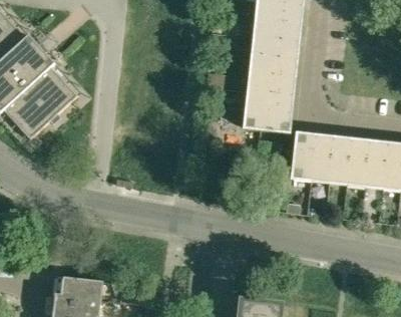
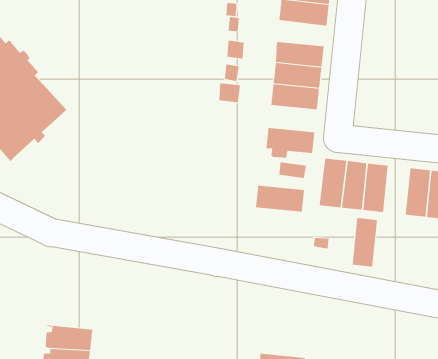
building: [256,18,299,40] -> none
building: [249,90,291,113] -> [255,185,305,212]
building: [347,141,369,184] -> [352,218,378,267]

